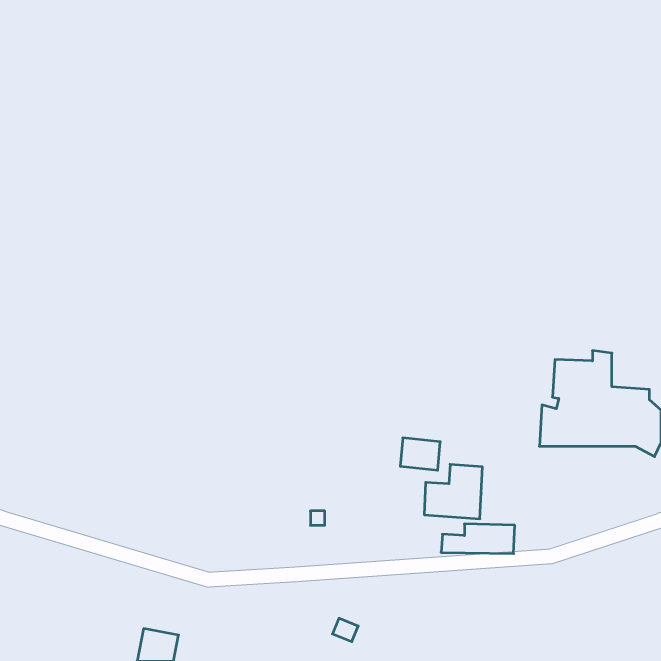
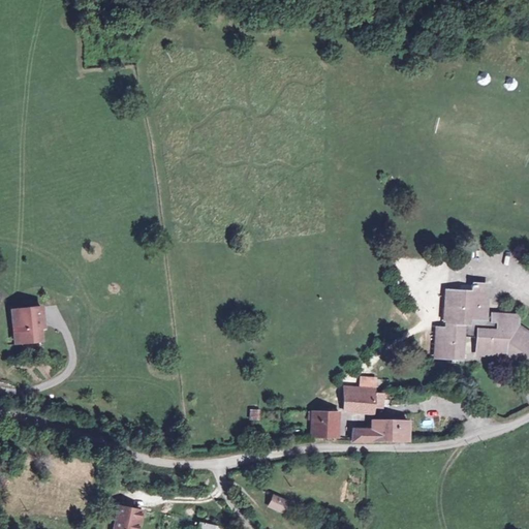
building: none -> [11,307,44,344]
building: [400,438,440,470] -> [310,410,342,436]

